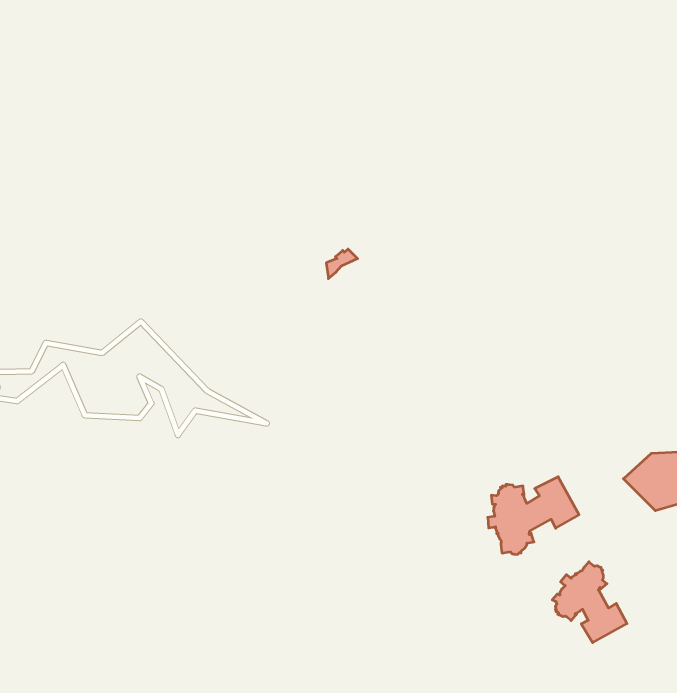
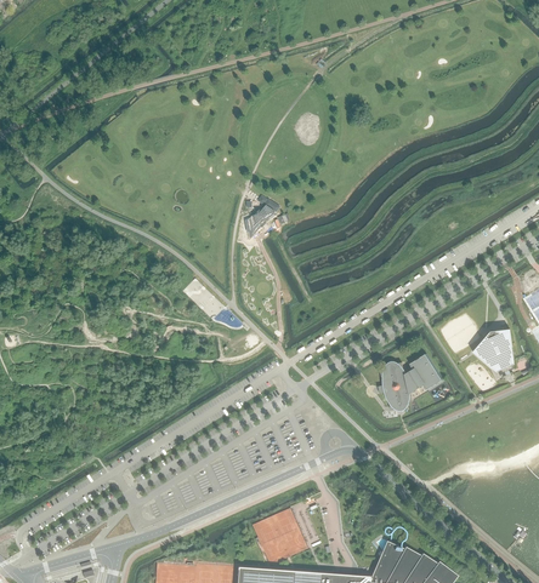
building: [552,562,627,643] -> none

